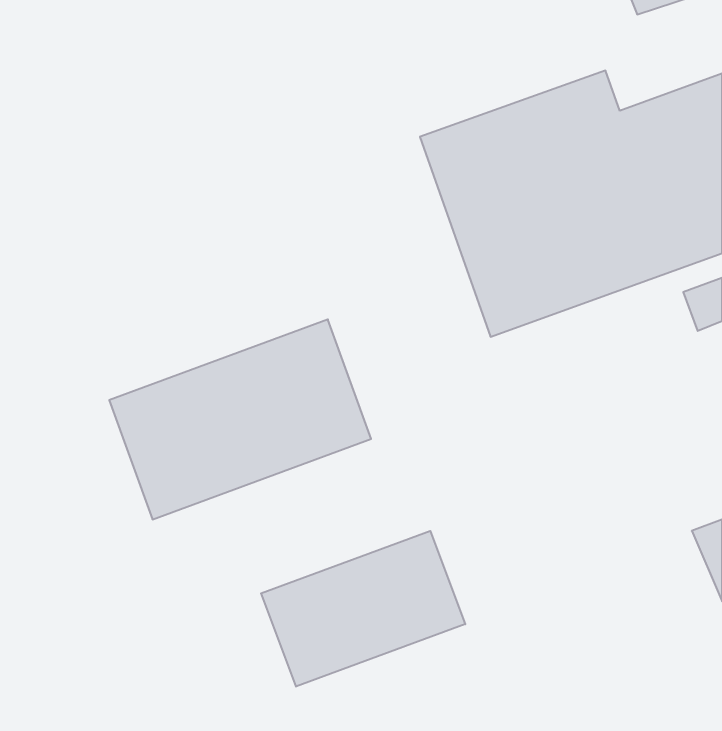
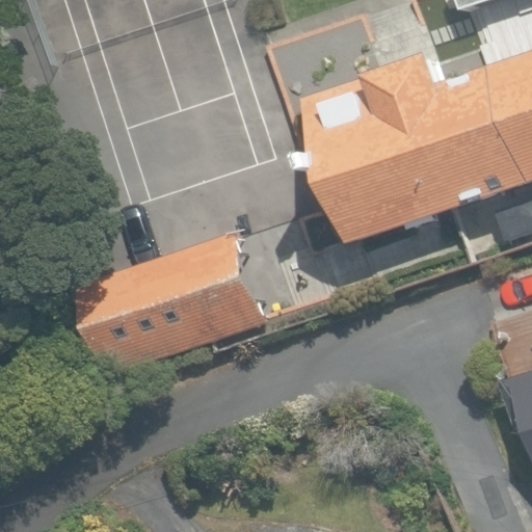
building: [261,531,465,687] -> none

